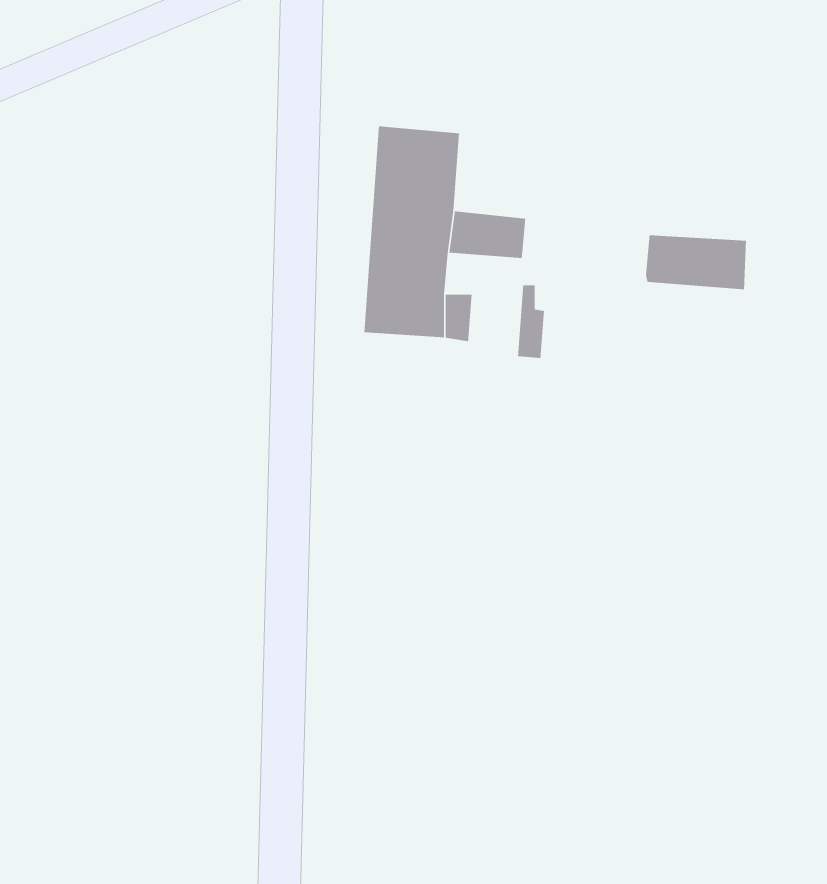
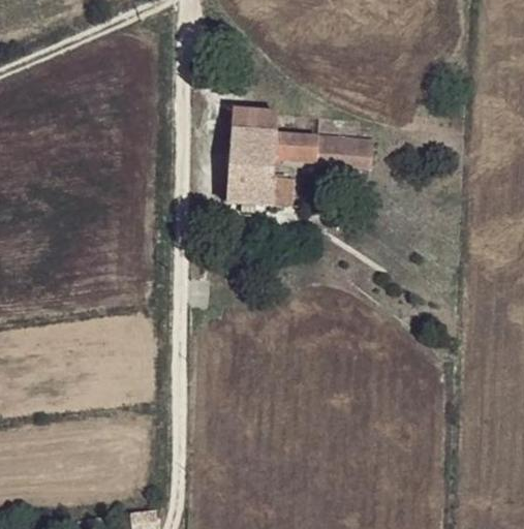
building: [645,234,747,290] -> [315,139,372,170]

